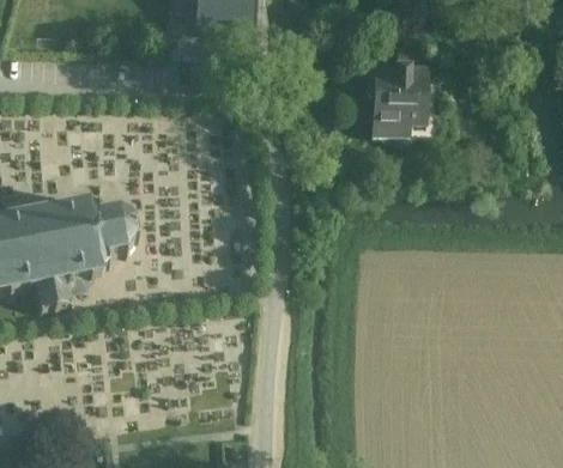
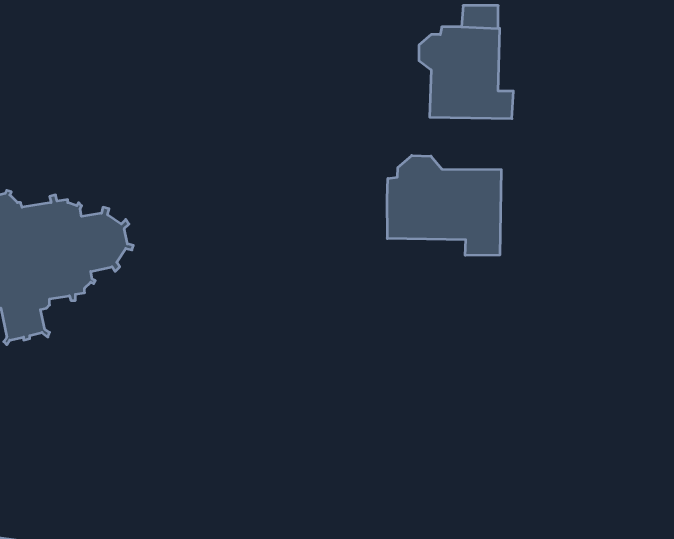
building: none -> [387,155,501,255]

